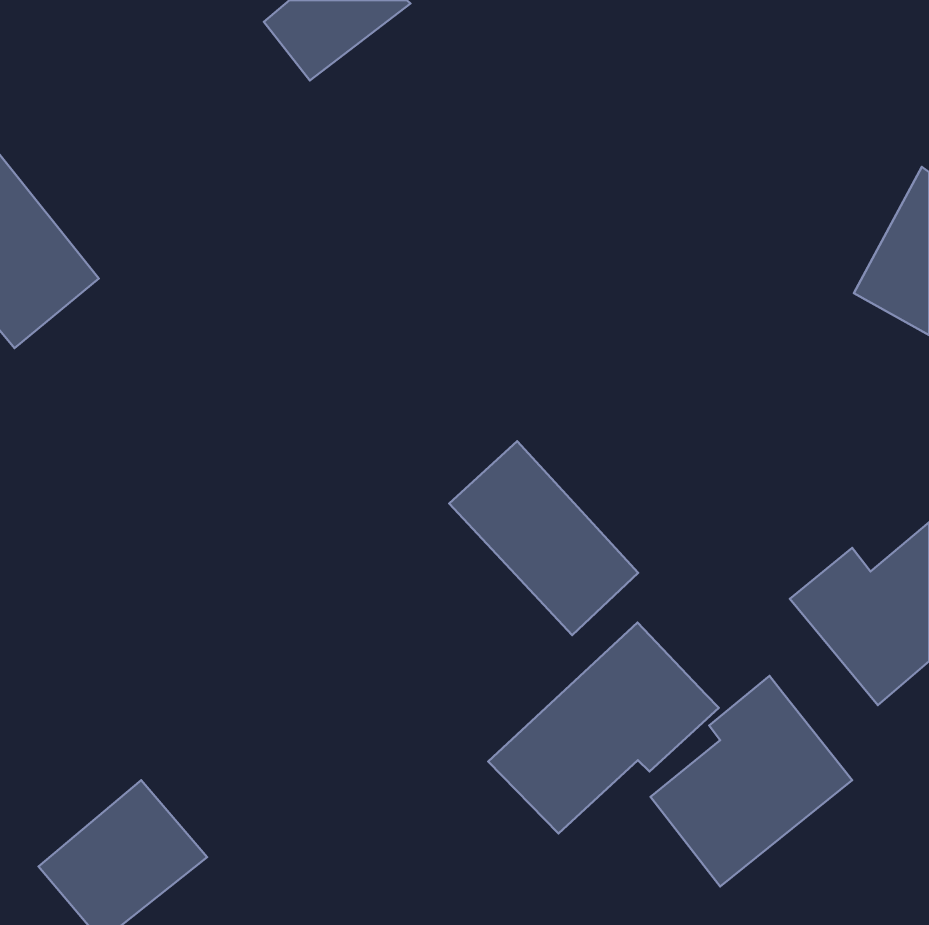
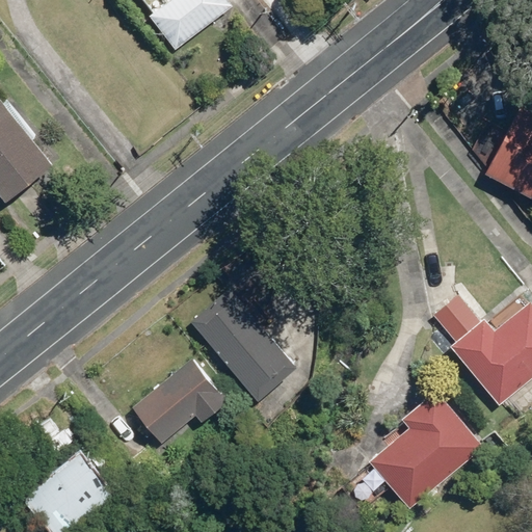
building: [449,441,638,635] -> [190,288,297,398]
building: none -> [131,358,229,445]
building: [488,623,719,833] -> none

